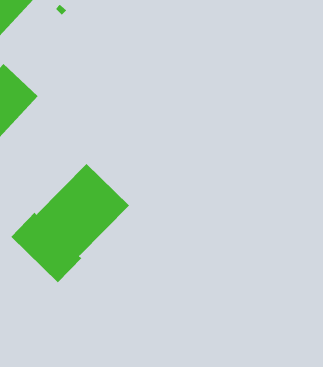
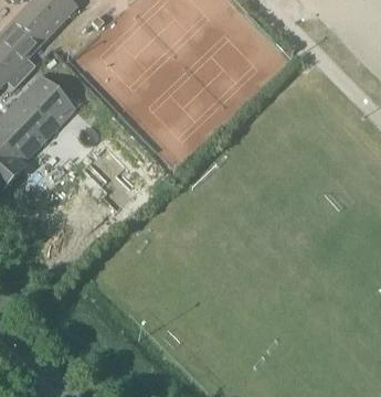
building: [10,163,130,283] -> none

